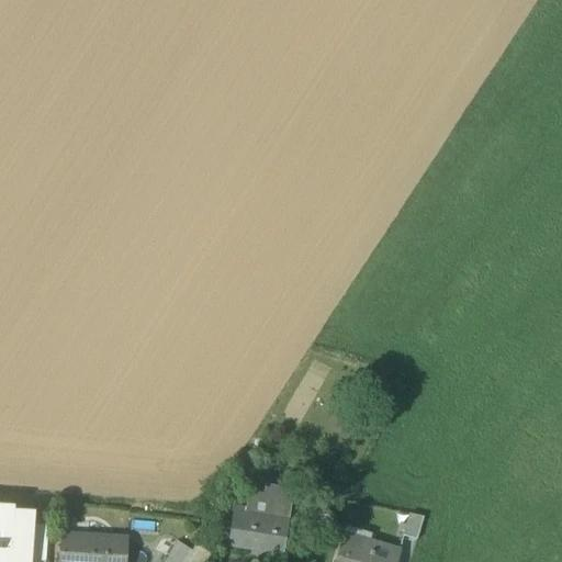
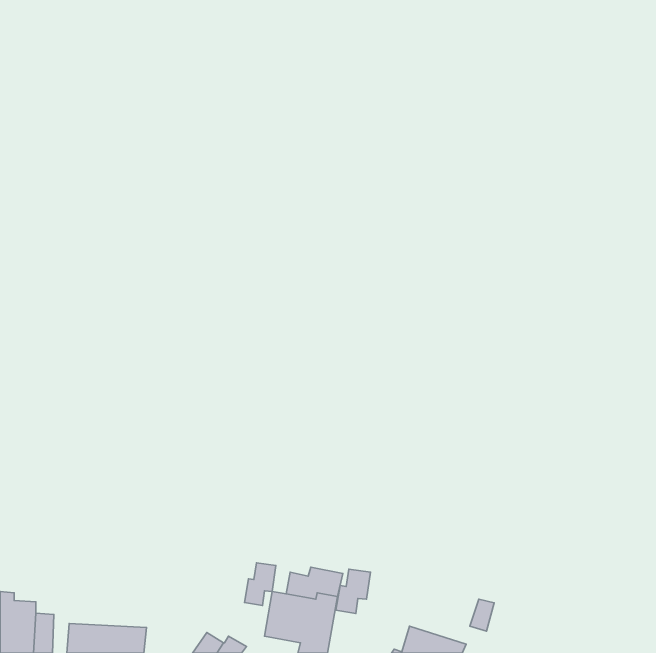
building: none -> [245,563,276,606]
building: none -> [336,569,370,614]

